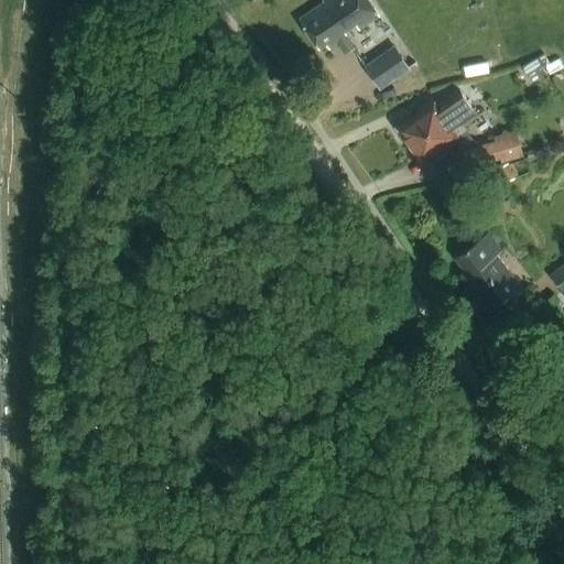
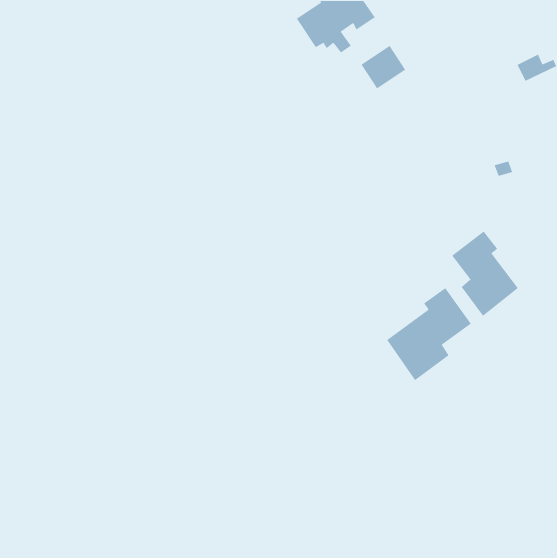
building: [399,93,523,165] -> none
building: none -> [386,287,472,381]

